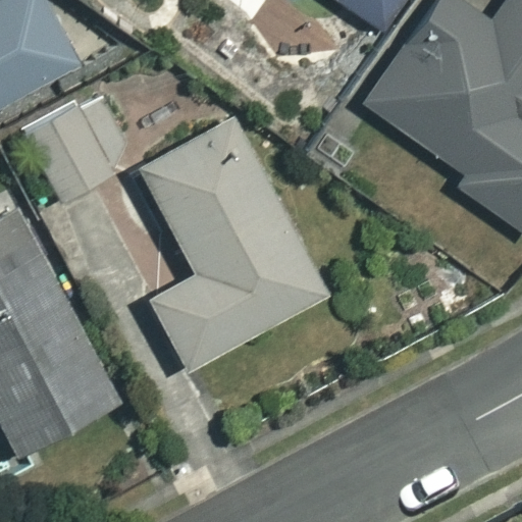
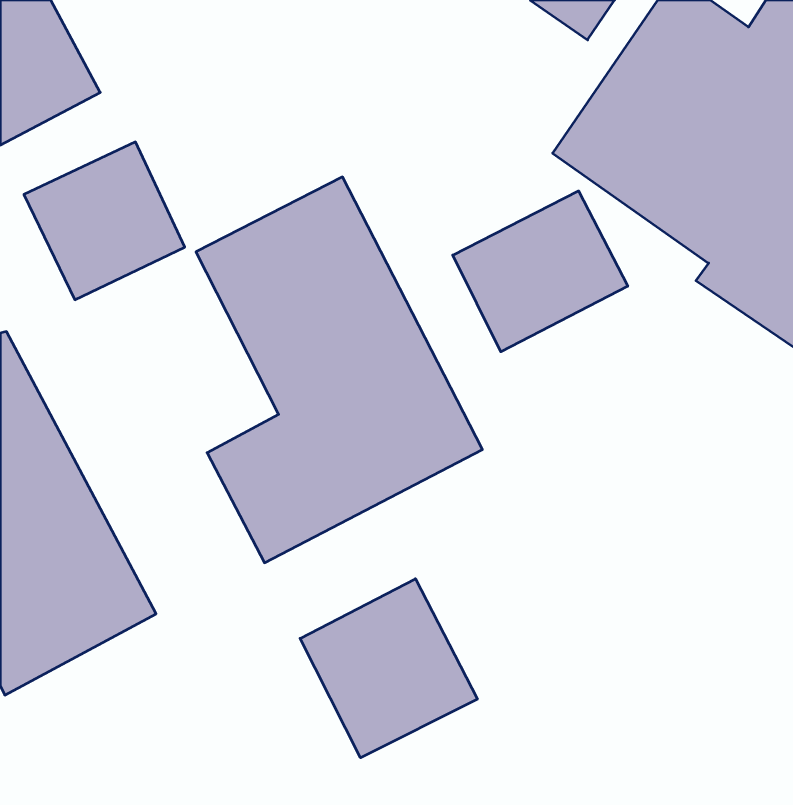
building: none -> [453,191,628,352]
building: none -> [300,579,477,758]

